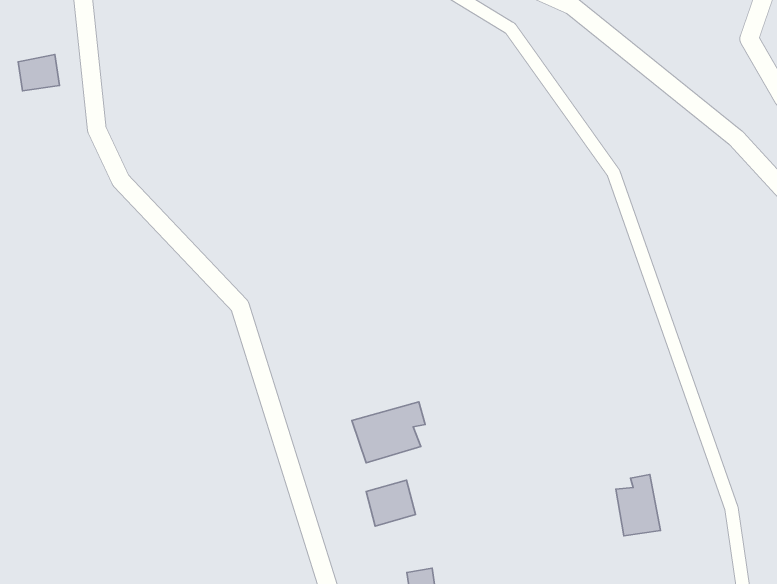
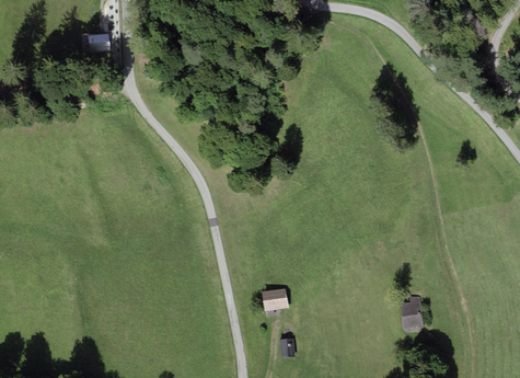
building: [352,402,425,463] -> none

